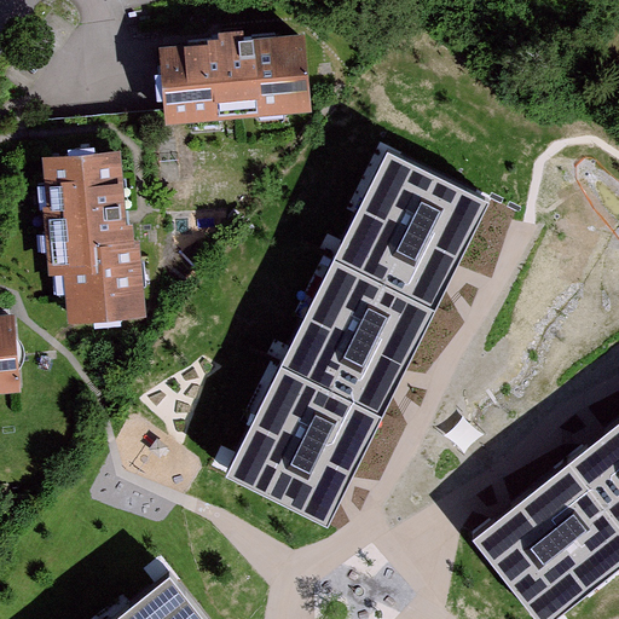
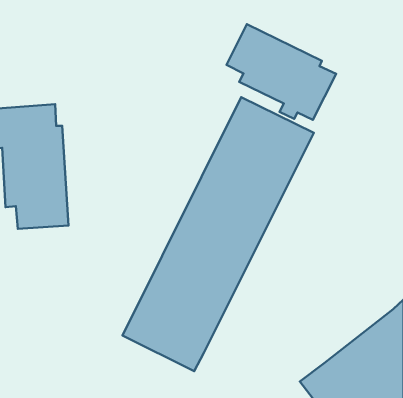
building: [158,31,295,121] -> none
building: none -> [226,24,336,120]

